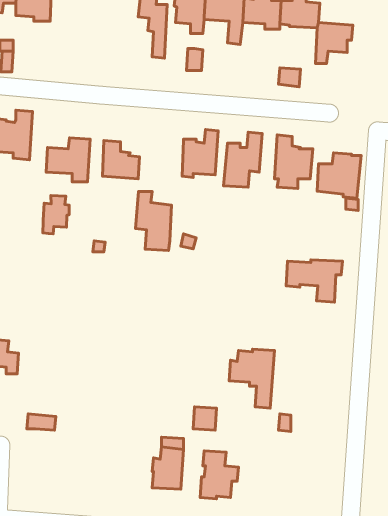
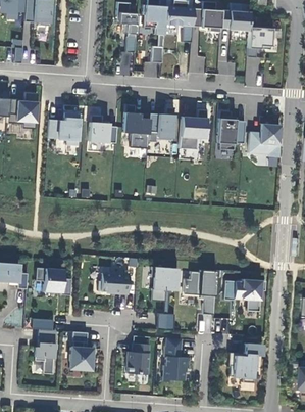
building: [136,191,171,250] -> [122,104,149,148]
building: [43,195,69,234] -> none
building: [286,260,343,302] -> [223,279,265,311]
building: none -> [35,266,70,294]
building: none -> [150,267,176,301]
building: none -> [97,272,129,294]
building: none -> [34,329,55,361]
building: none -> [68,331,93,369]
building: none -> [227,342,263,383]

